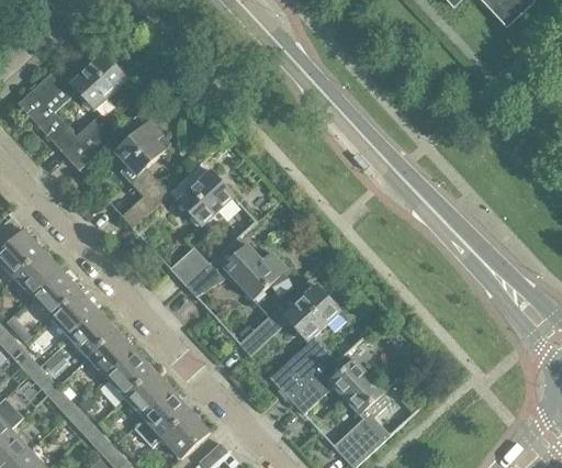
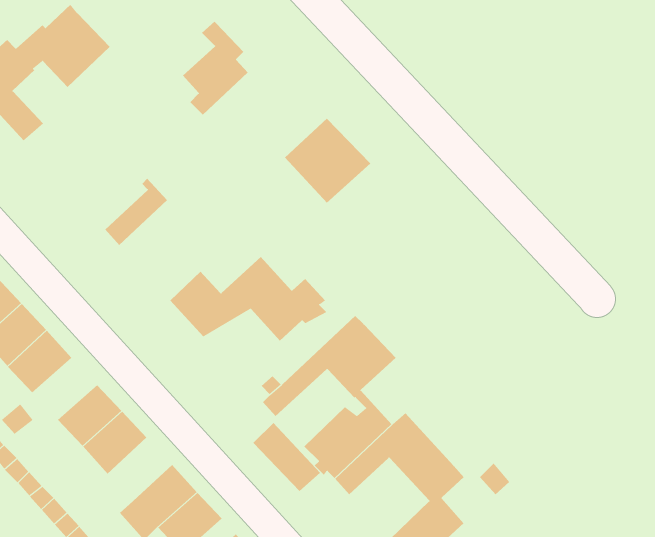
building: [115,111,165,181] -> [182,21,248,115]
building: [61,114,117,168] -> none
building: [169,161,234,225] -> [284,118,371,203]
building: [68,311,116,357] -> none
building: none -> [252,422,321,492]
building: [124,370,172,417] -> none

